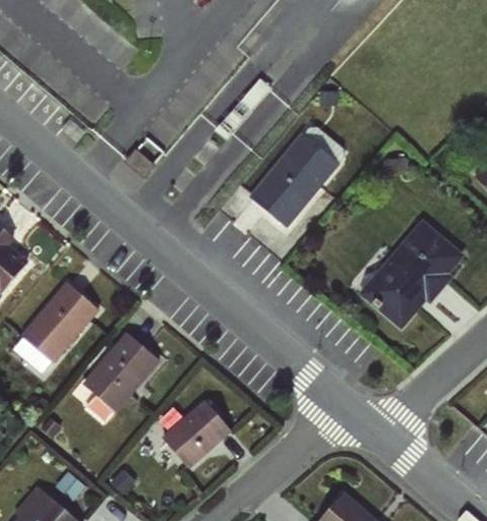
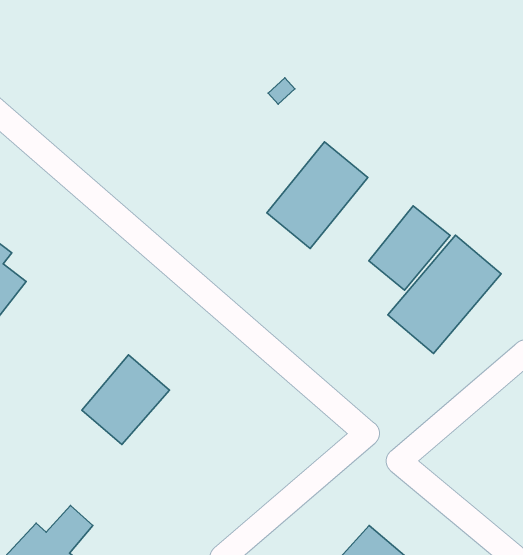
building: none -> [369,206,450,290]
building: [18,281,99,364] -> none
building: [163,399,232,469] -> none

